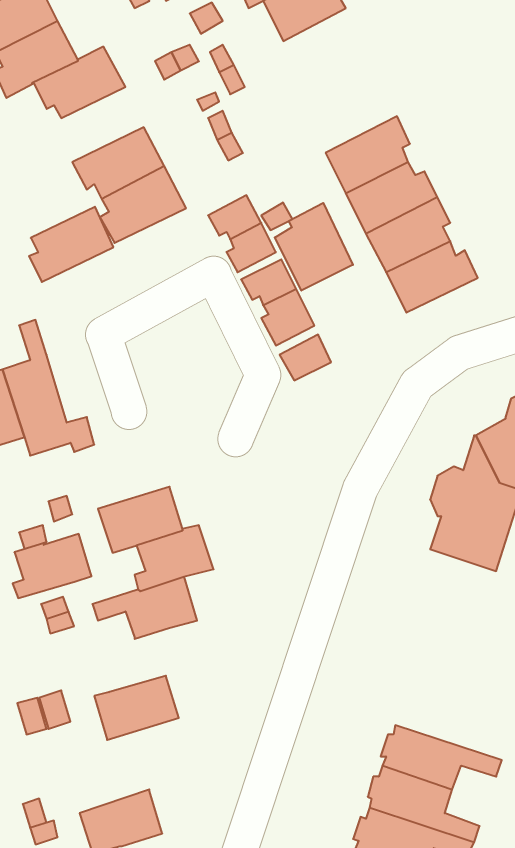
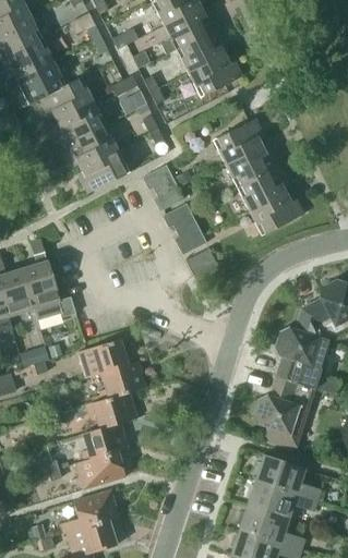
building: none -> [188,53,242,97]
building: [275,203,353,291] -> none
building: [29,207,113,282] -> [55,100,105,145]
building: [13,534,92,598] -> [81,422,128,460]
building: none -> [253,375,314,449]
building: none -> [253,454,321,500]
building: none -> [60,489,119,533]

